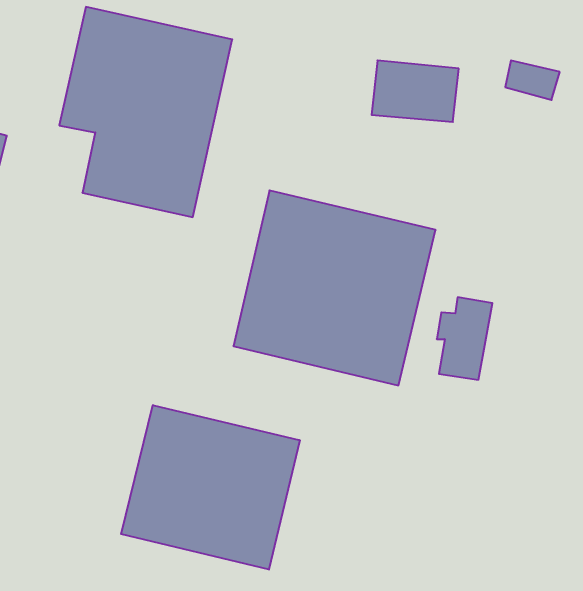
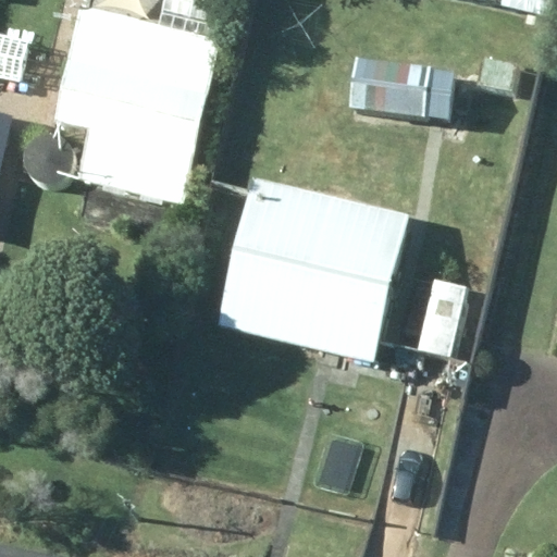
building: [121,405,300,570] -> none

